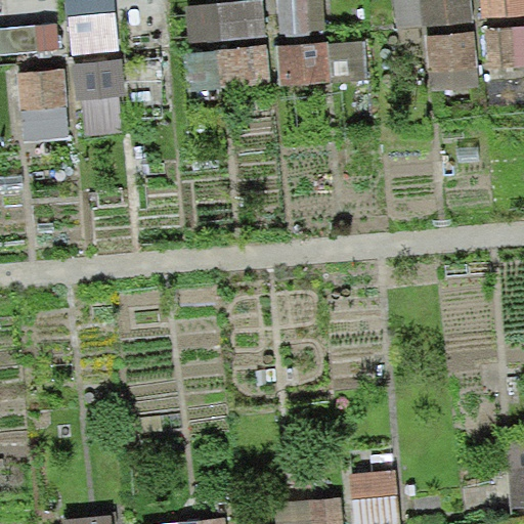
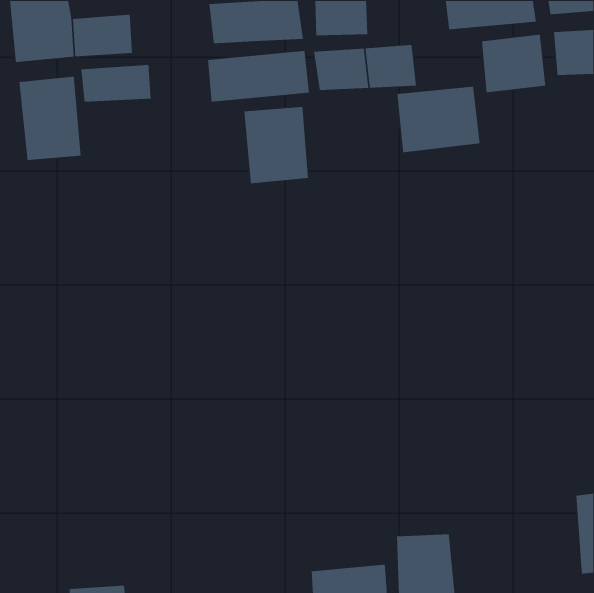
building: none -> [396,86,480,153]
building: none -> [243,106,309,184]

